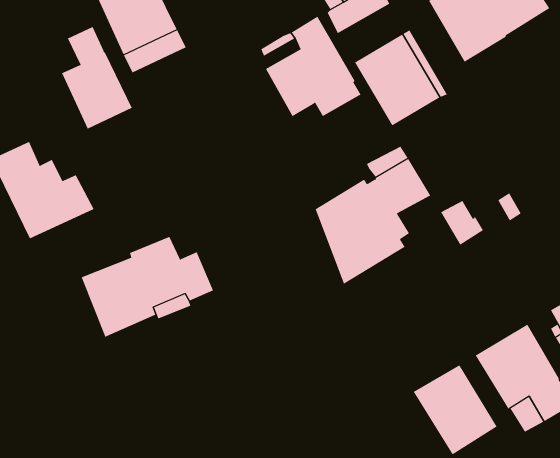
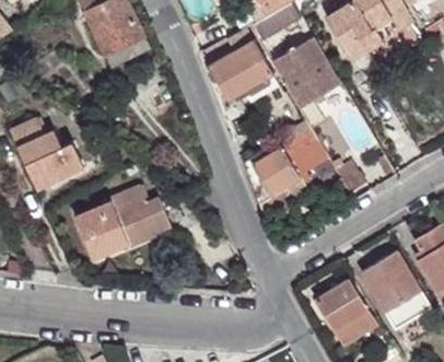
building: [61,26,133,129] -> none

